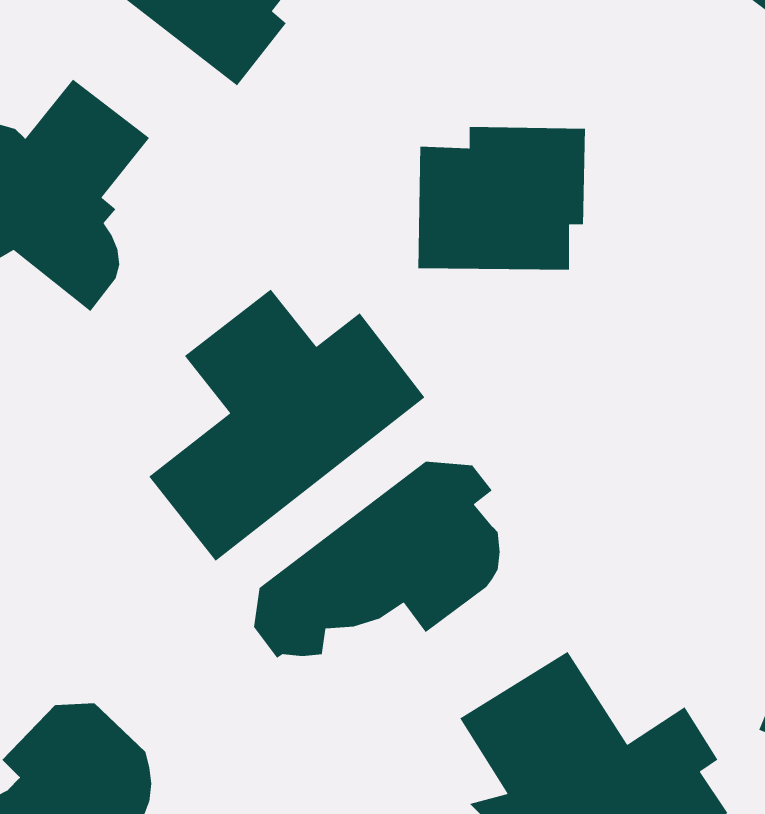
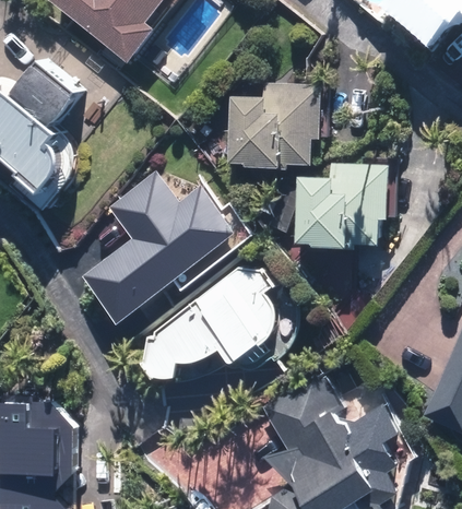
building: none -> [299,165,389,242]

